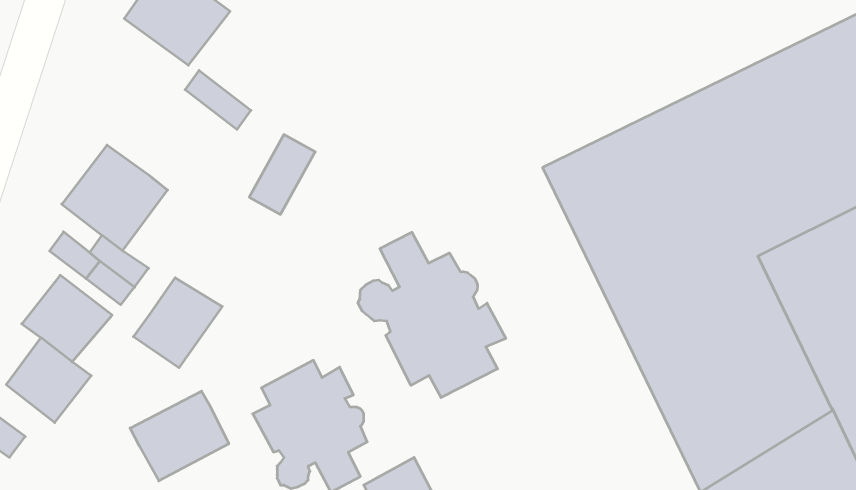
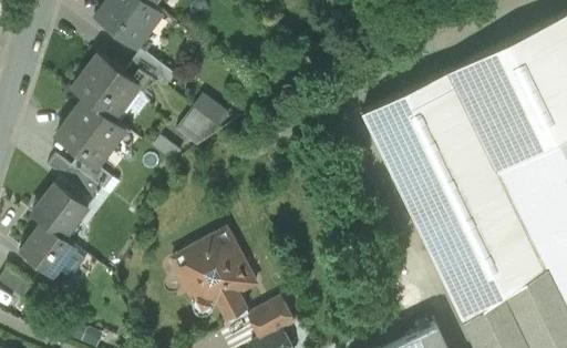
building: none -> [71,53,138,120]
building: [358,232,506,398] -> none
building: [133,278,222,368] -> none
building: [130,391,229,481] -> none

